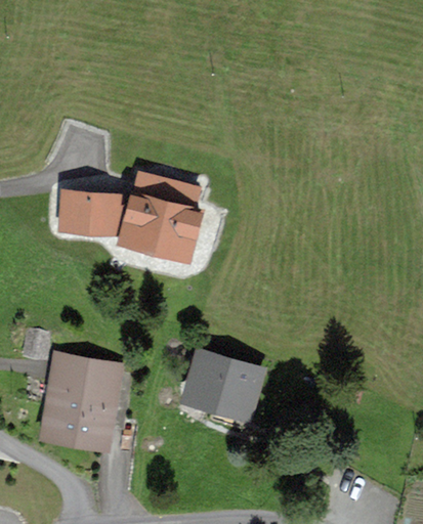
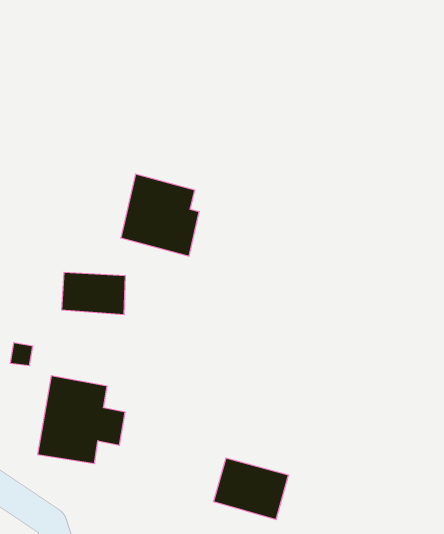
building: [60,194,118,232] -> [62,272,125,315]
building: [191,356,258,411] -> [213,458,289,520]

